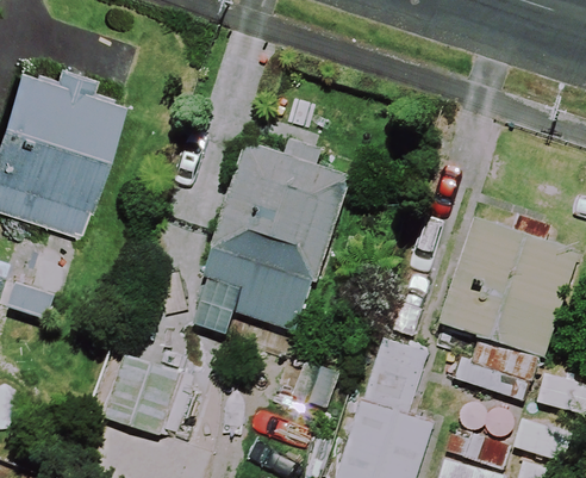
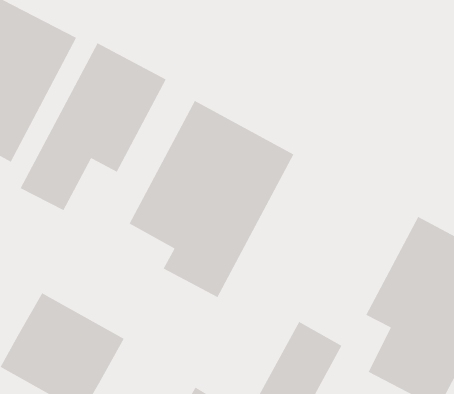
building: none -> [19,42,167,211]

